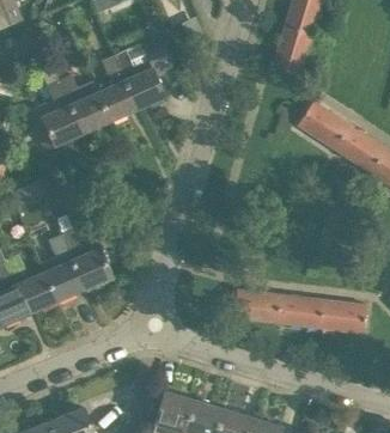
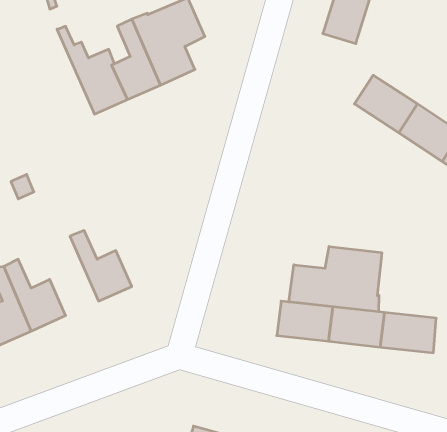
building: [31,60,81,151] -> none
building: [44,236,85,301] -> none
building: none -> [289,246,382,312]

